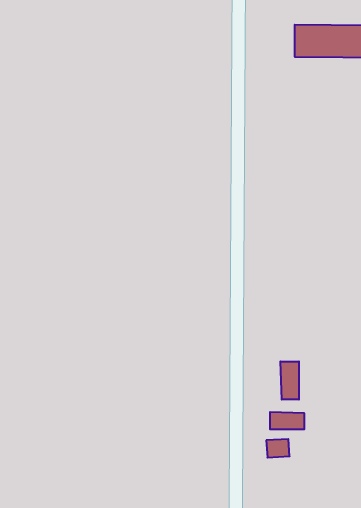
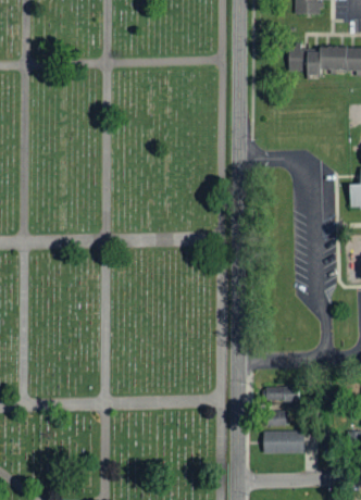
building: [280,361,299,400] -> none
building: none -> [262,432,302,455]

